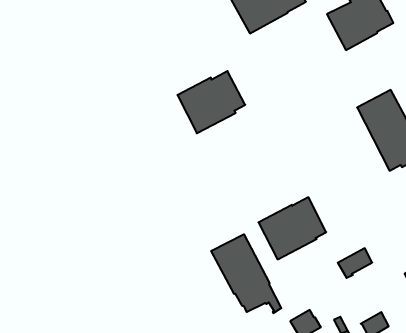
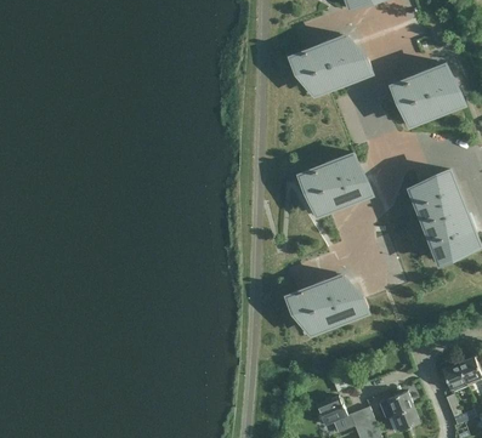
building: [177,71,245,133] -> [304,157,374,218]
building: [211,234,281,313] -> none
building: [338,248,372,278] -> [376,389,413,419]

